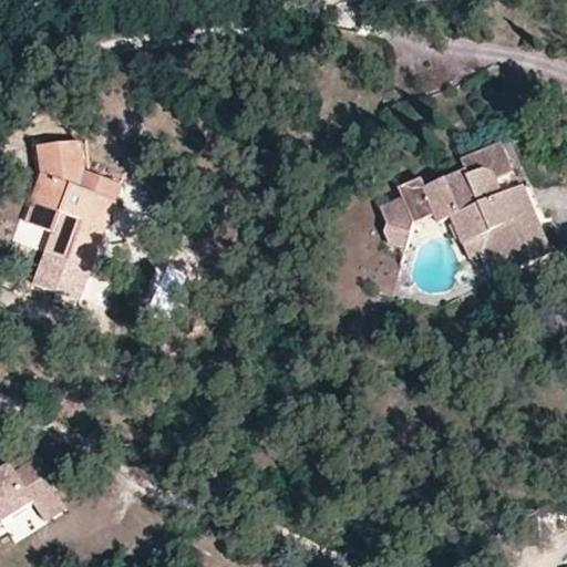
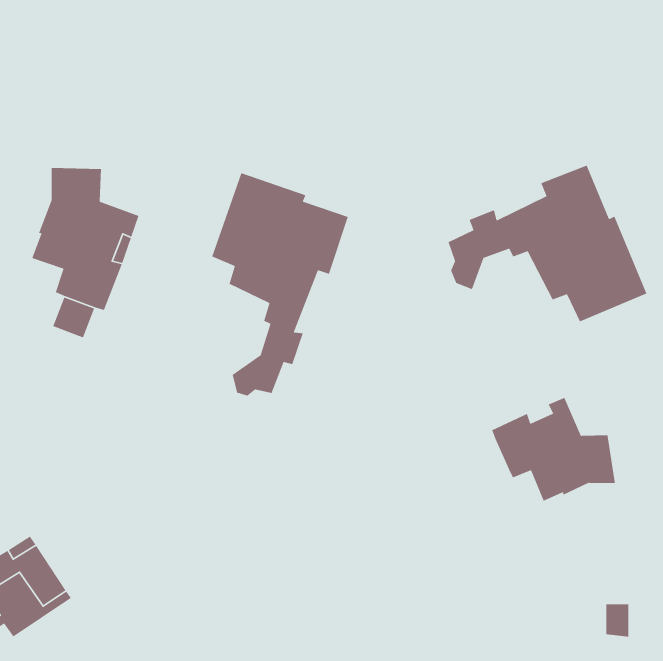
building: none -> [211,172,349,397]
building: none -> [491,397,616,502]

